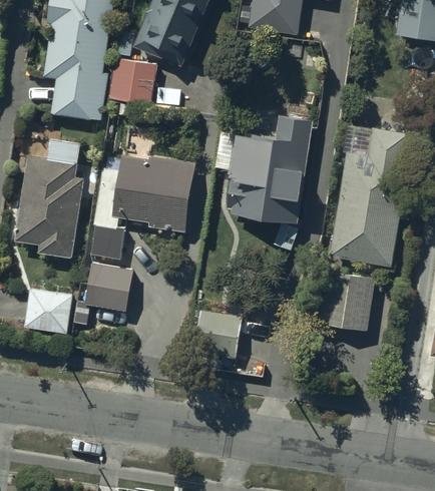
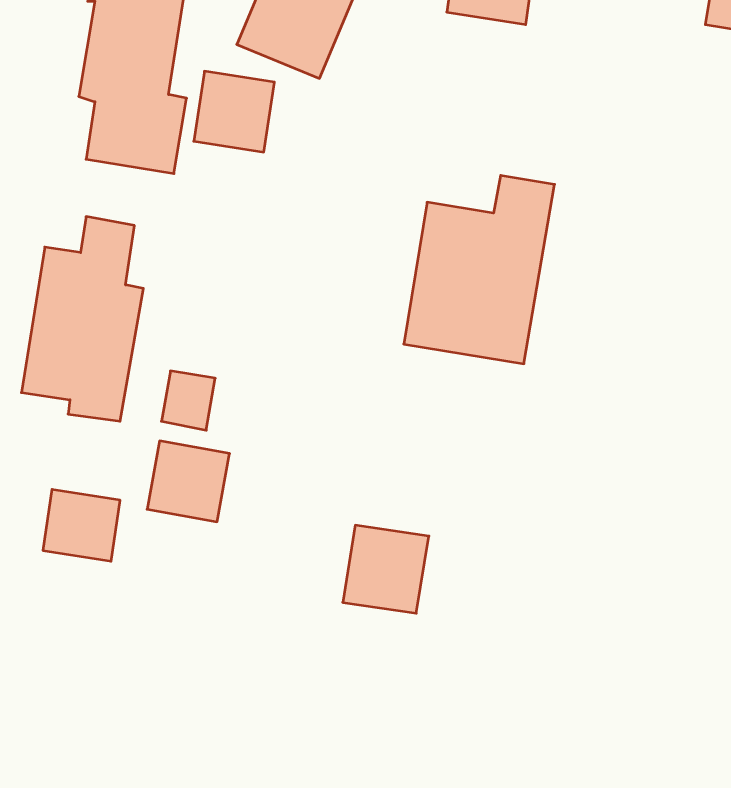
building: [333,131,406,262] -> none
building: [117,159,191,230] -> none
building: [322,272,374,328] -> none

